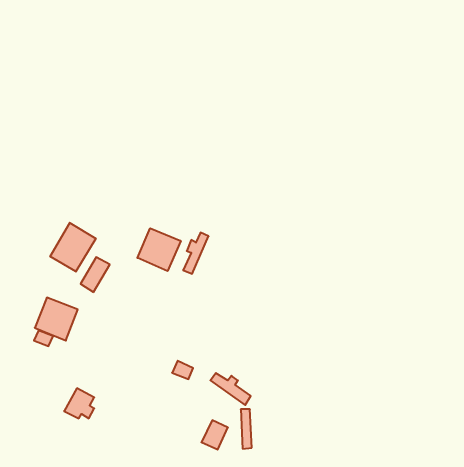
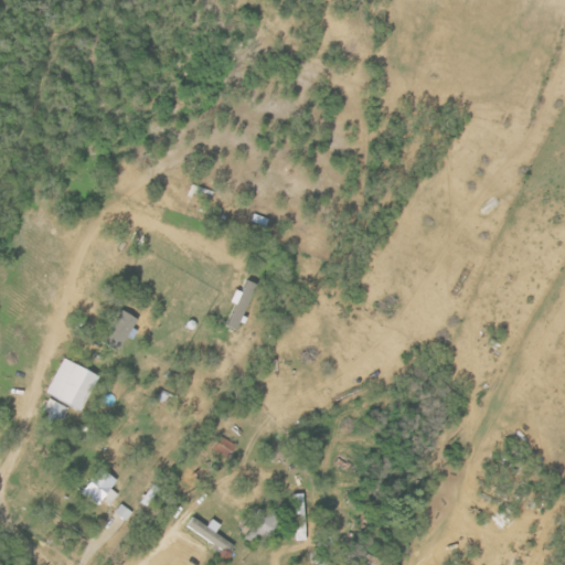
building: [50,223,96,272] -> none
building: [137,228,181,271] -> none
building: [210,373,251,405] -> [185,516,234,555]

